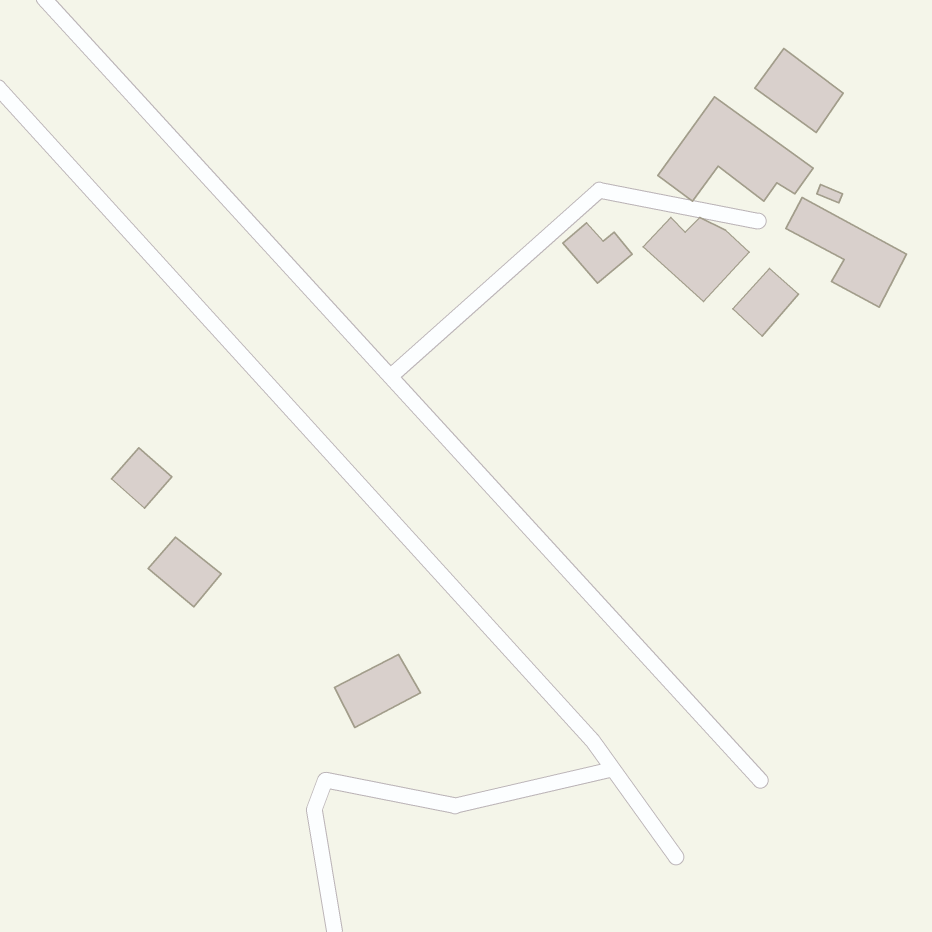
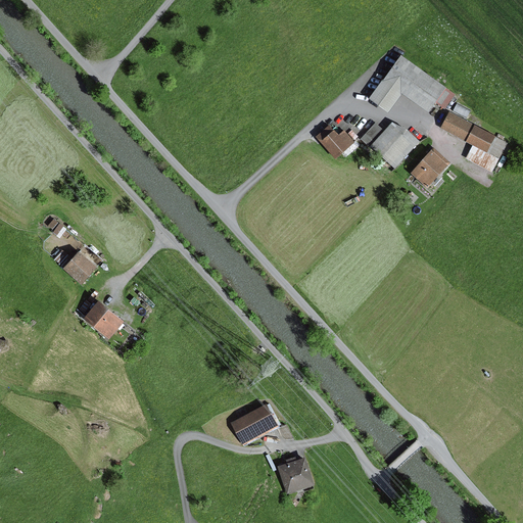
building: [755,48,843,132] -> none
building: [335,655,420,728] -> [230,403,278,444]
building: none -> [277,457,314,494]

